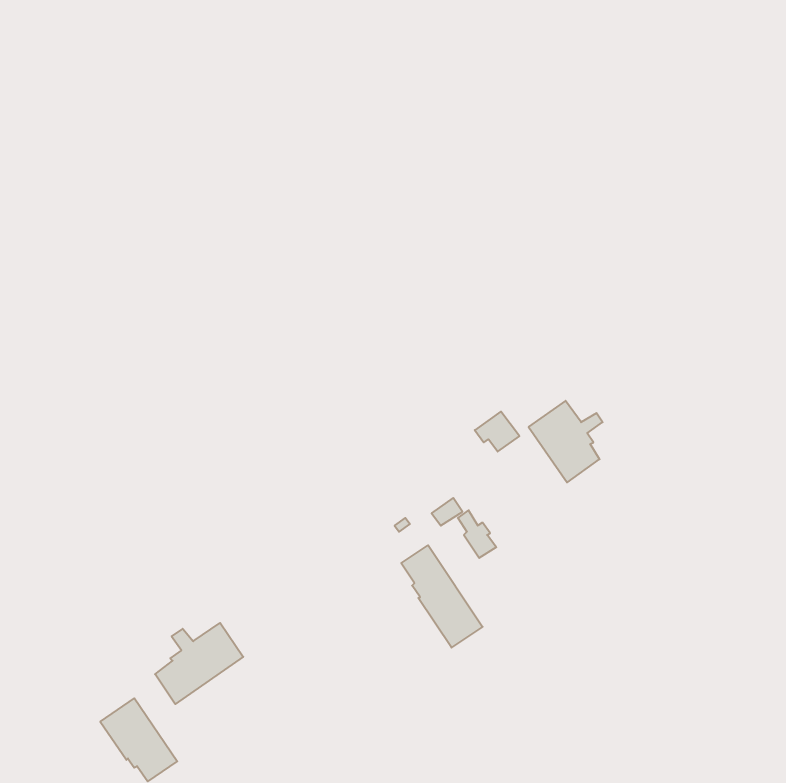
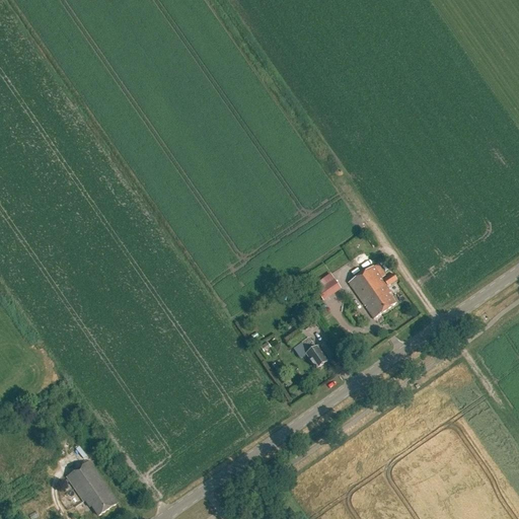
building: [401,545,483,648] -> none
building: [155,623,243,704] -> none

